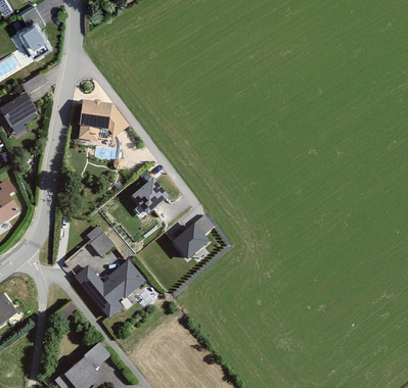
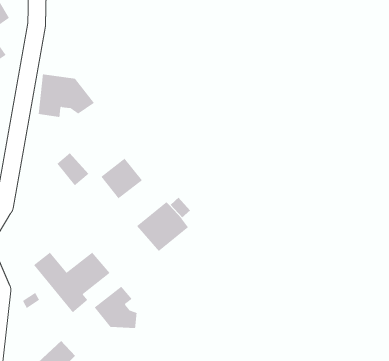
building: [87,224,117,254] -> [57,153,89,186]
building: none -> [94,286,137,329]

